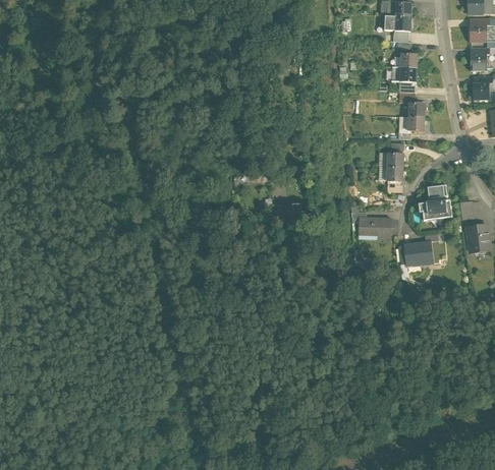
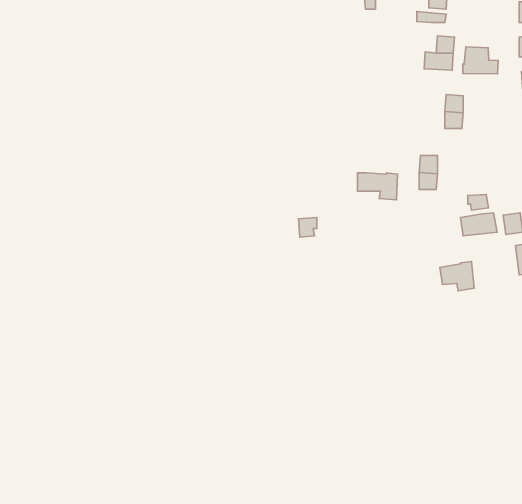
building: none -> [463,47,498,74]
building: [359,217,392,239] -> [357,173,398,200]

